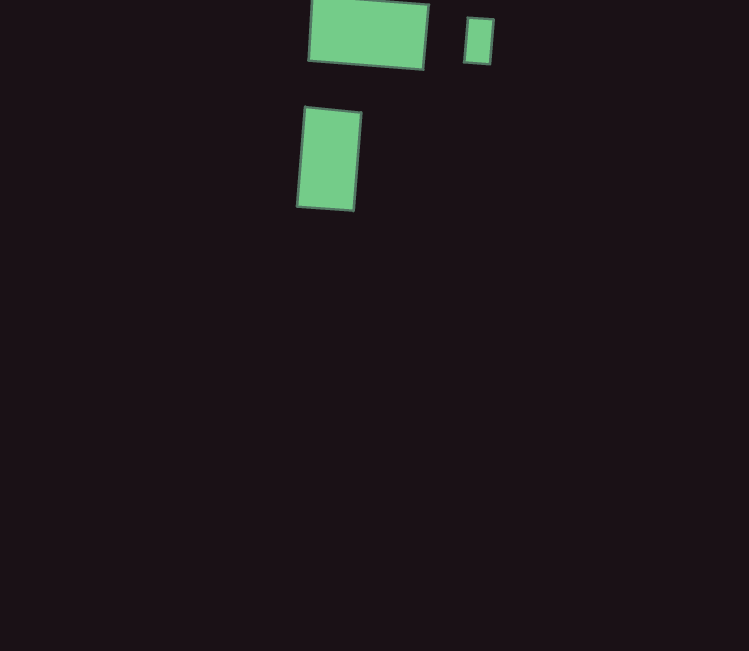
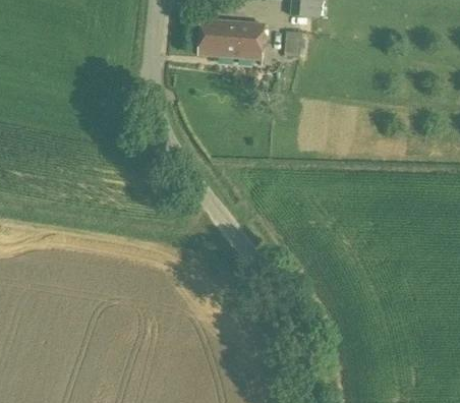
building: [297,107,361,211] -> none

